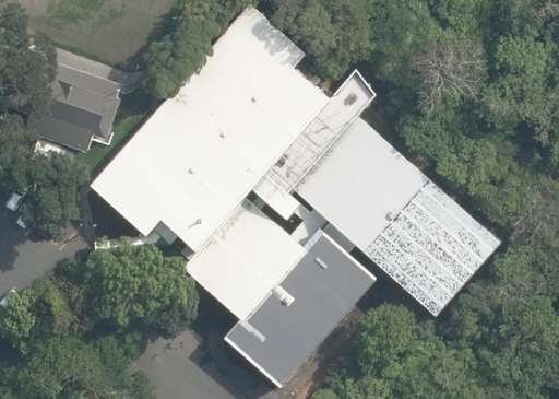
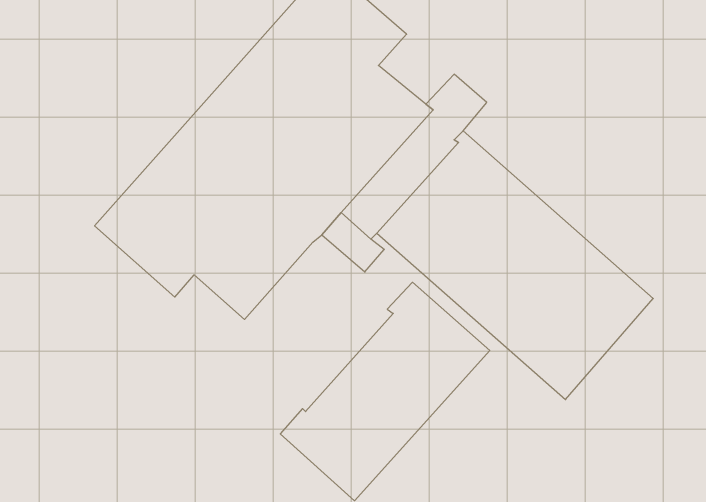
building: [25,61,121,154] -> none
building: [185,199,308,324] -> none

